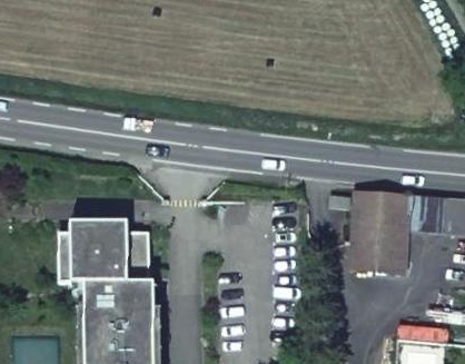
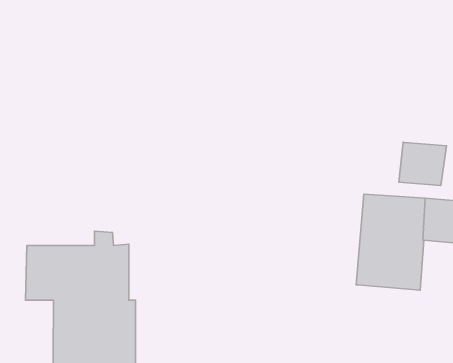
building: none -> [399,142,446,185]

